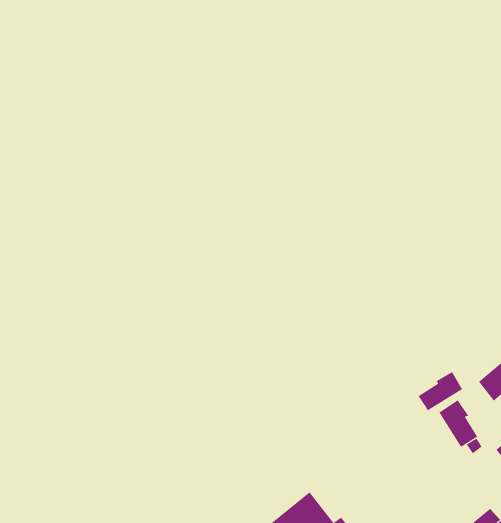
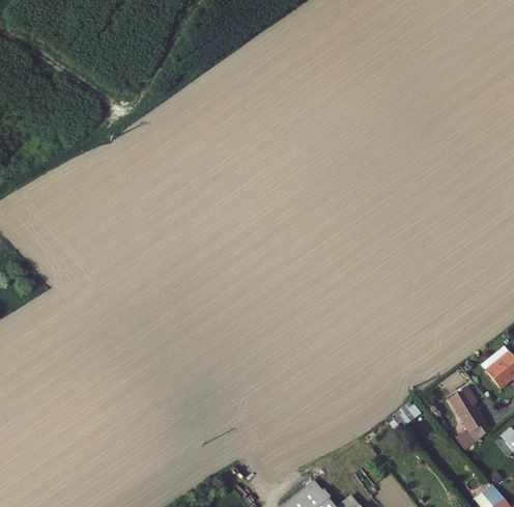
building: [418,371,463,411] -> none

